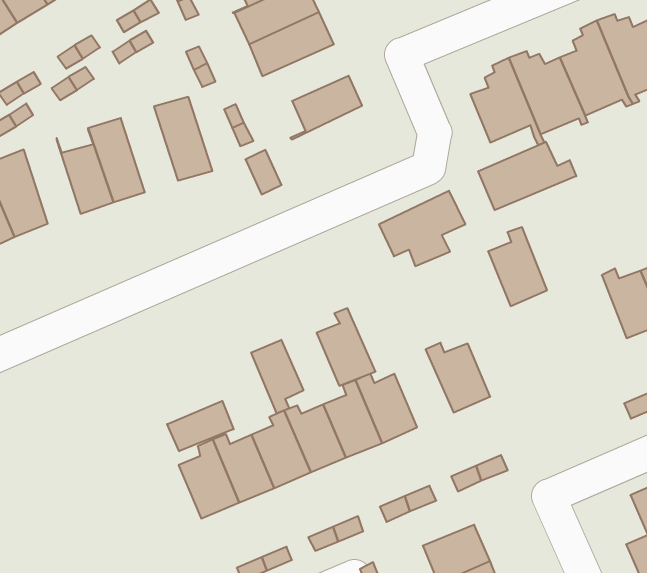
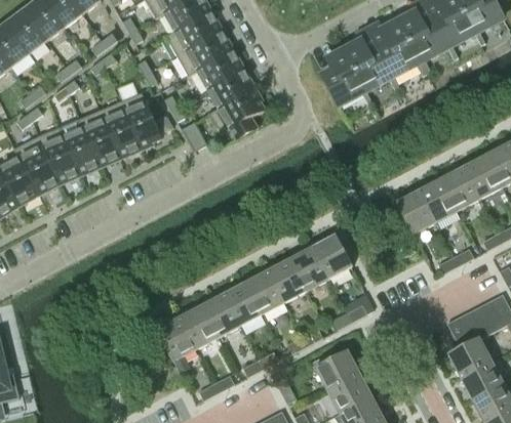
building: none -> [187,50,242,89]
building: none -> [99,100,139,156]
building: none -> [38,127,78,181]
building: [478,142,576,210] -> none
building: [379,191,465,266] -> [209,88,265,138]
building: [488,227,547,306] -> [395,183,435,235]
building: [317,308,376,386] -> [288,241,328,291]
building: [251,340,303,414] -> none
building: [167,401,234,451] -> none

